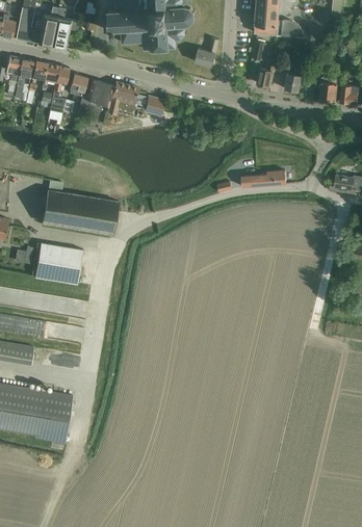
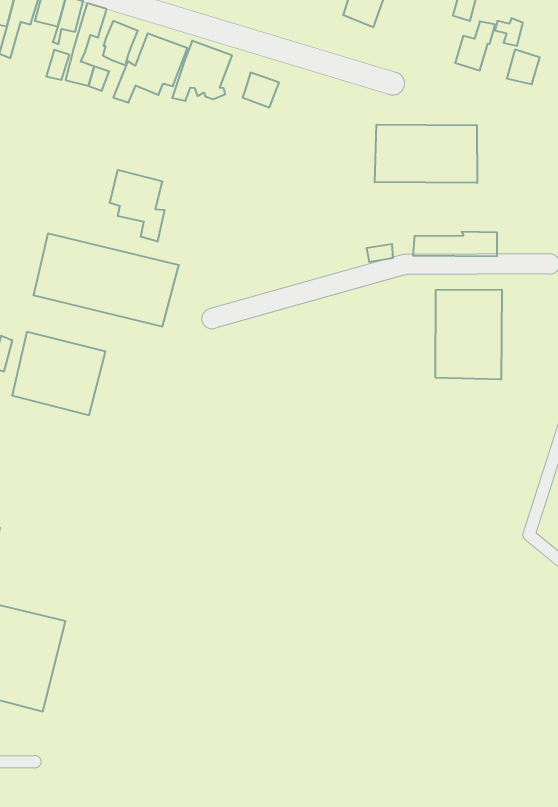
building: none -> [375,125,477,183]
building: none -> [110,170,165,242]
building: none -> [436,290,502,380]

